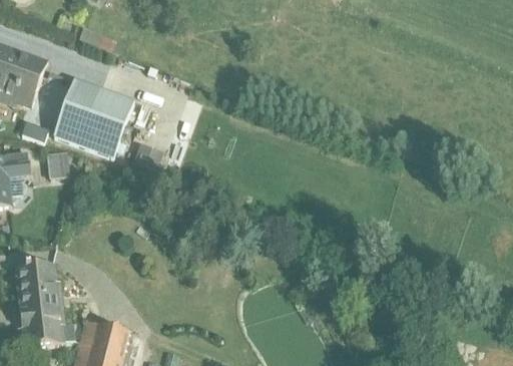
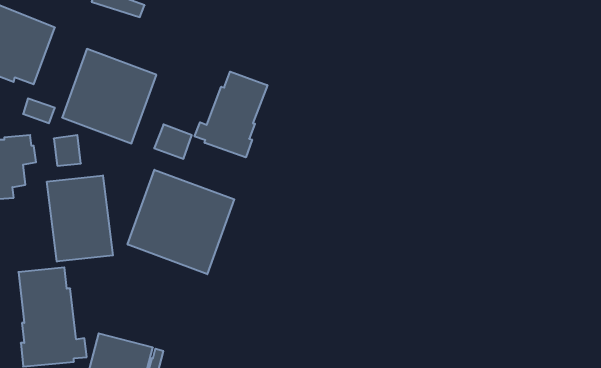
building: none -> [195,72,267,157]
building: none -> [128,170,234,274]
building: none -> [47,175,113,262]

